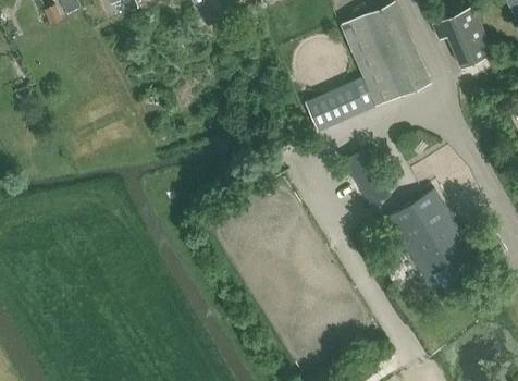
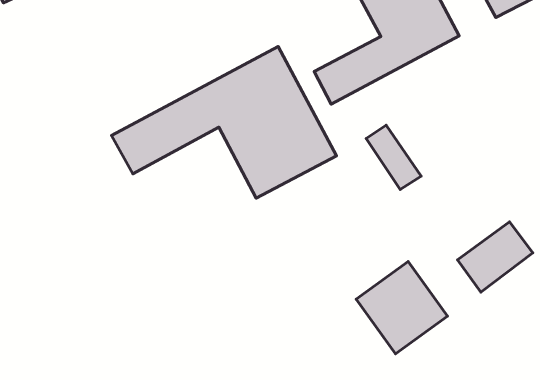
building: none -> [112,47,337,198]
building: [384,190,459,267] -> [356,261,448,354]

